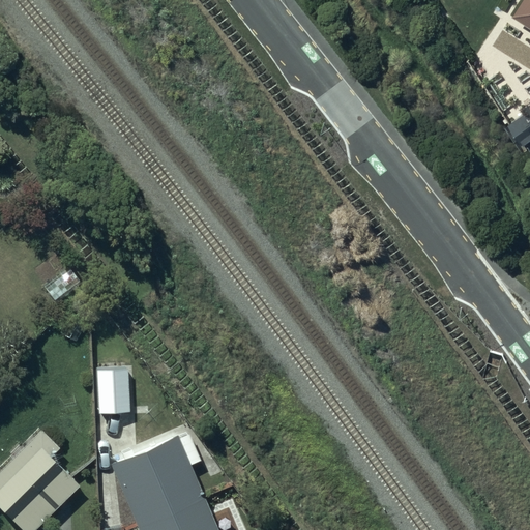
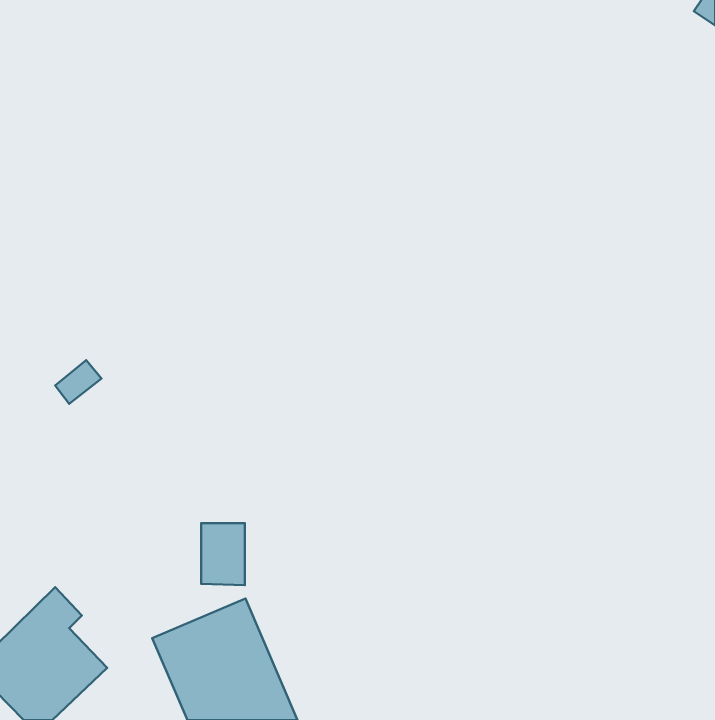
building: [95,370,127,415] -> [201,523,245,585]

